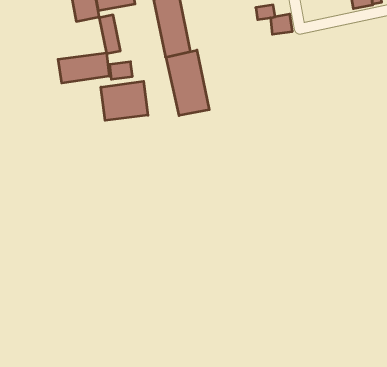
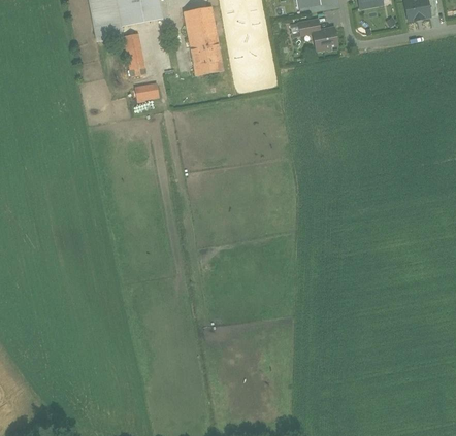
building: [166,50,209,116] -> none
building: [58,53,109,83] -> none
building: [101,81,148,120] -> none

